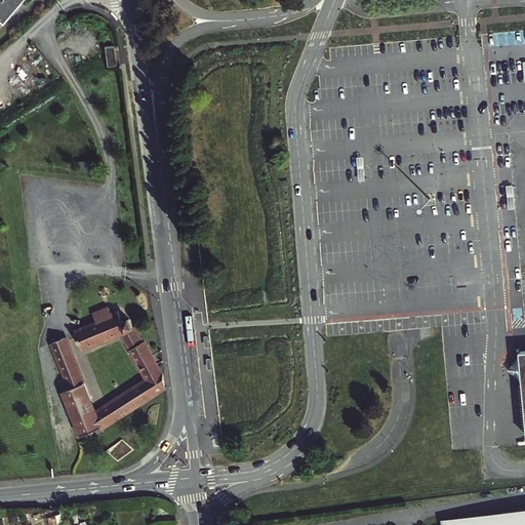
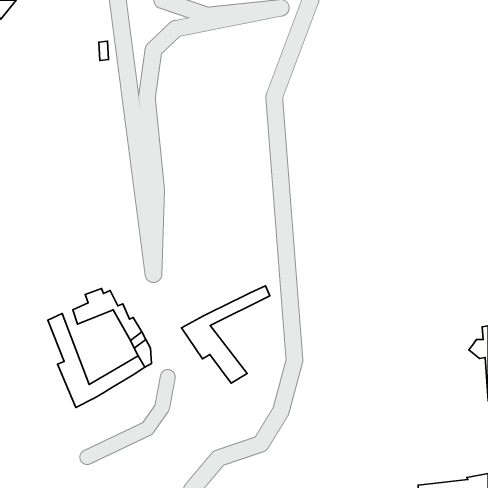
building: none -> [181,286,270,383]

